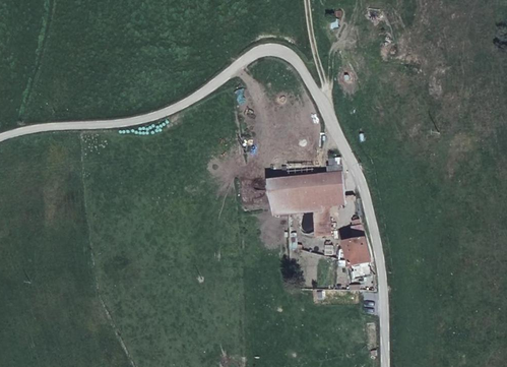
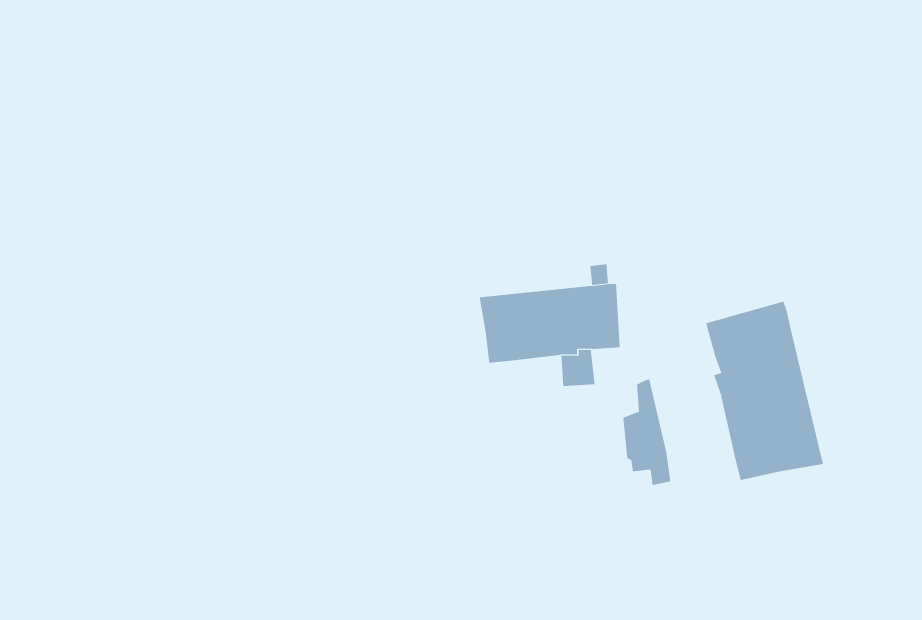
building: none -> [705,301,823,481]

